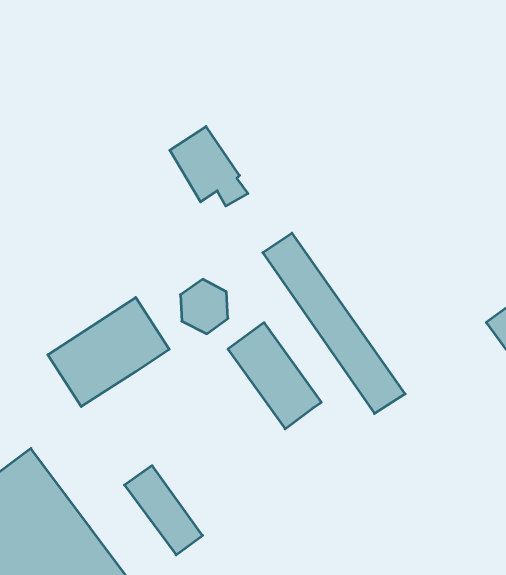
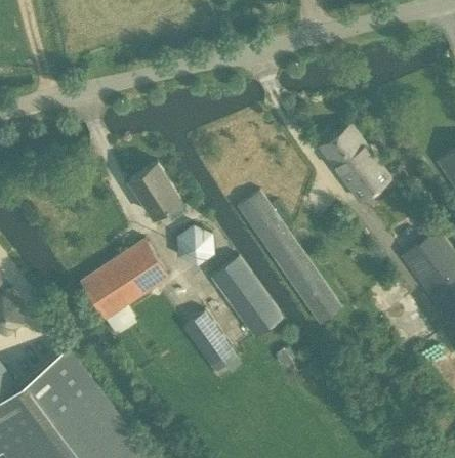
building: [170,126,248,206] -> [129,162,187,220]
building: none -> [318,124,390,202]
building: [124,466,203,555] -> [183,313,241,378]

